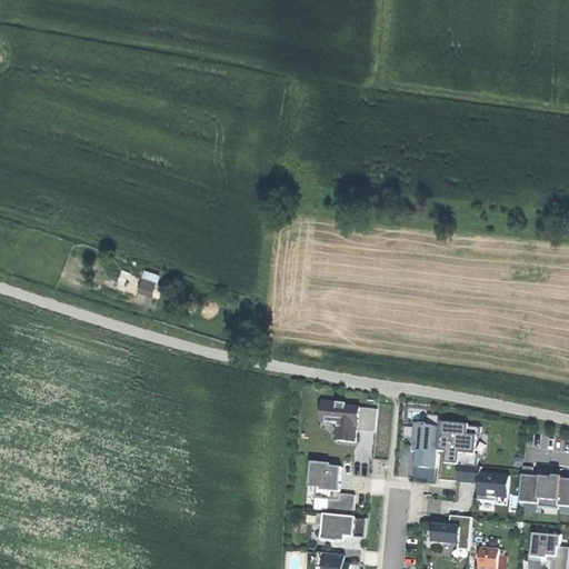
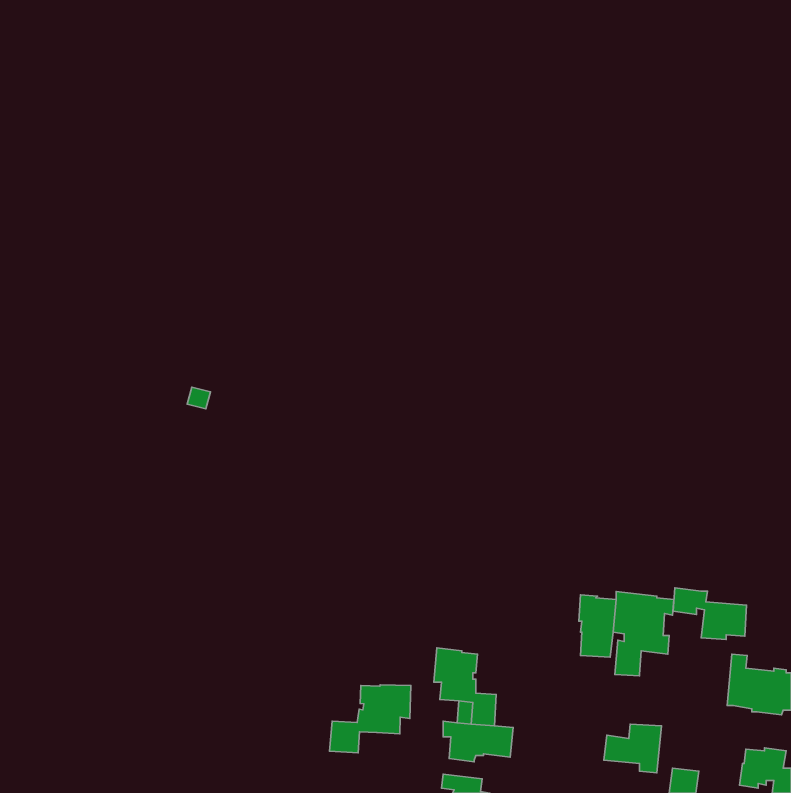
building: [319,400,377,442] -> none
building: [456,463,508,500] -> [673,588,747,639]
building: none -> [330,685,411,753]

